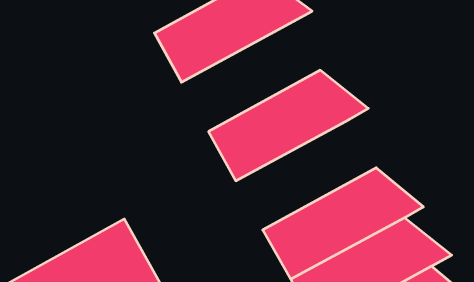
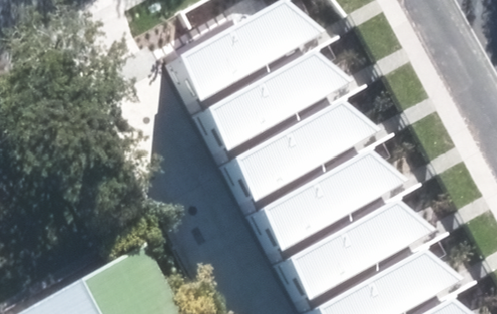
building: none -> [197,49,358,160]
building: none -> [252,147,412,258]

